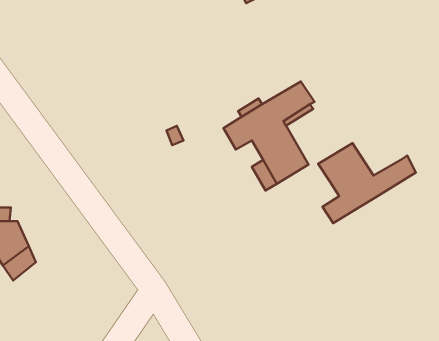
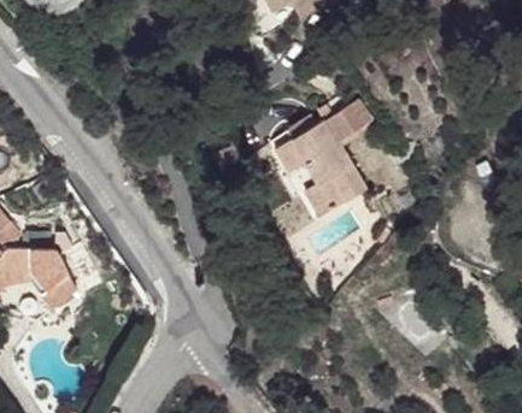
building: [318,143,416,223] -> none

